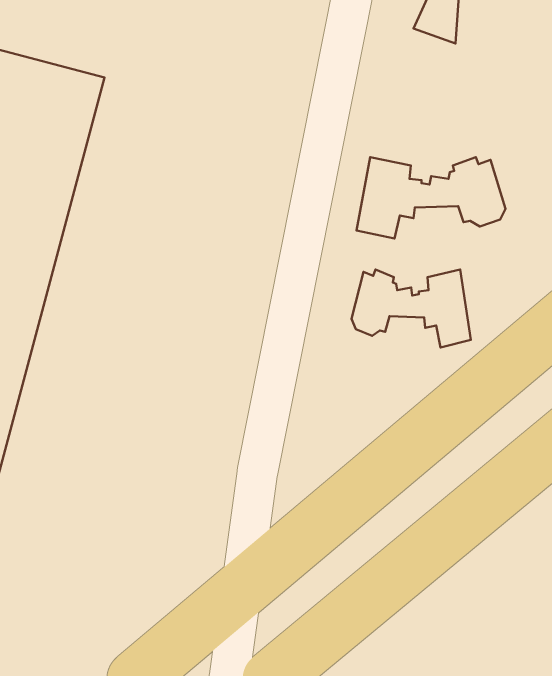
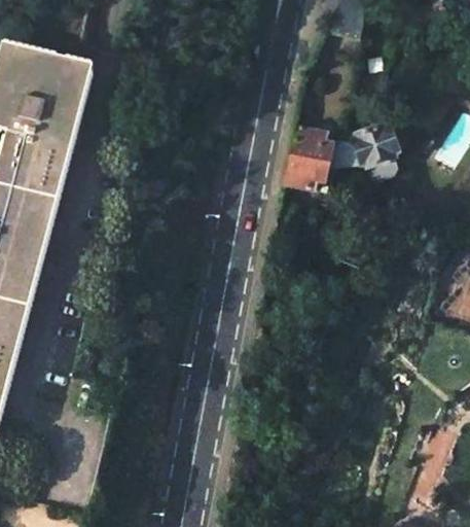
building: [352,269,471,348] -> none

